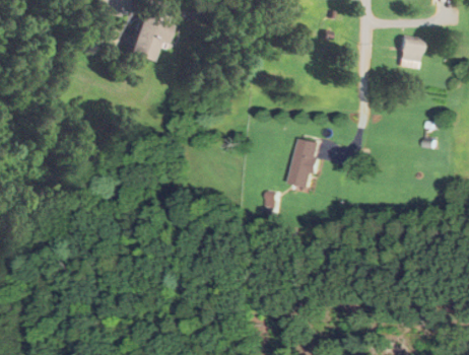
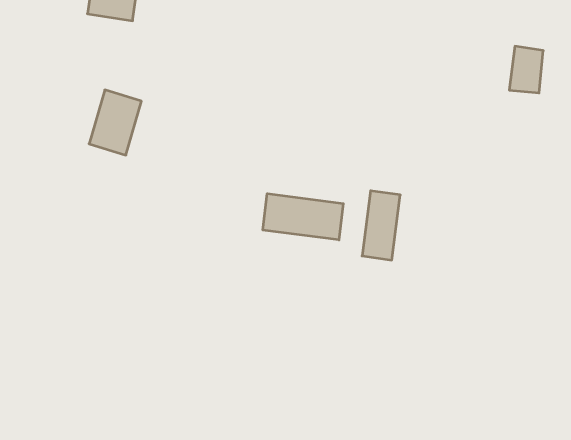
building: [129,16,166,63] -> [89,90,141,155]
building: none -> [263,194,343,240]

